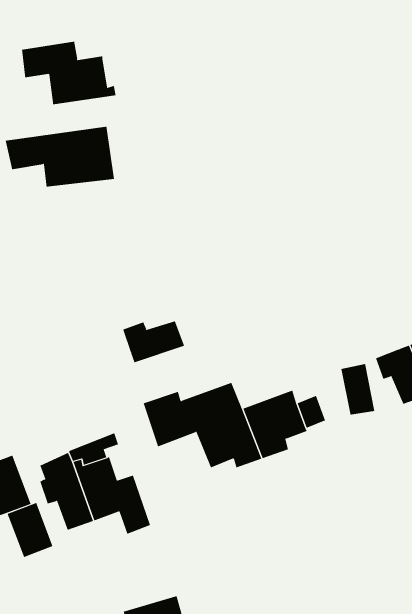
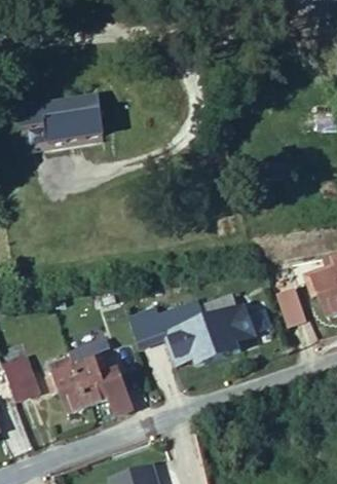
building: [21,41,116,105] -> none
building: [123,321,185,363] -> none
building: [7,502,53,558] -> none

